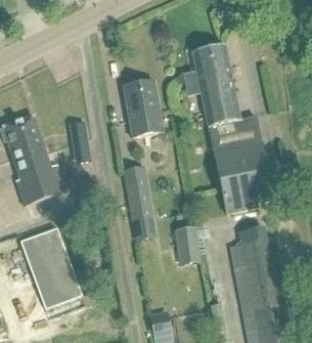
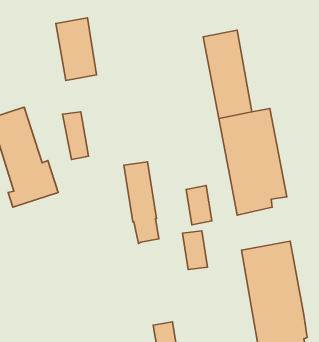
building: [125,80,162,136] -> [56,18,97,80]
building: none -> [186,185,212,225]
building: [19,225,82,306] -> none

